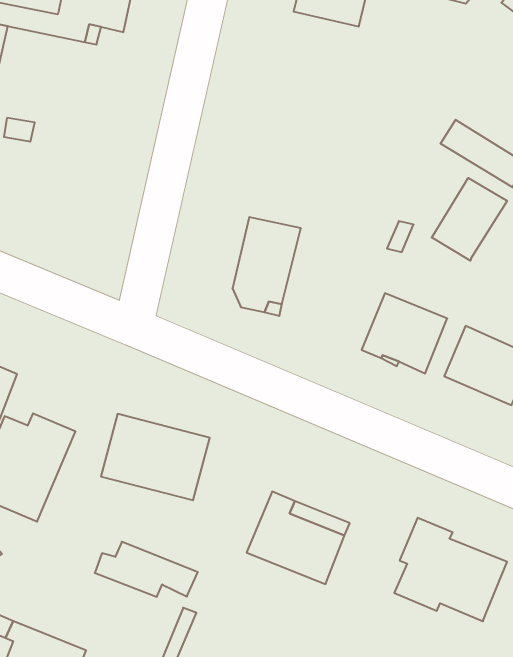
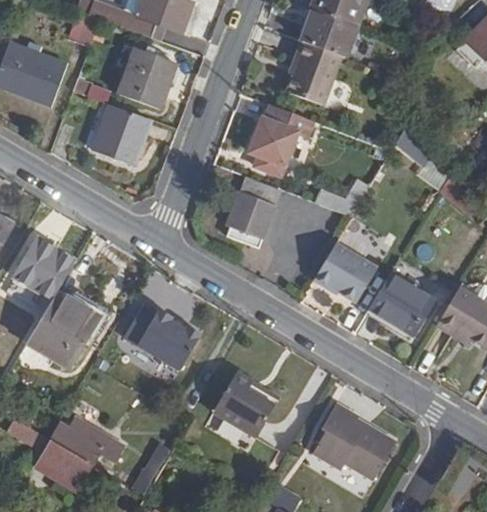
building: none -> [273,36,338,107]
building: none -> [120,47,177,108]
building: none -> [251,103,304,165]
building: none -> [95,104,151,164]
building: [432,178,507,261] -> none
building: [95,542,198,597] -> [52,419,124,464]

